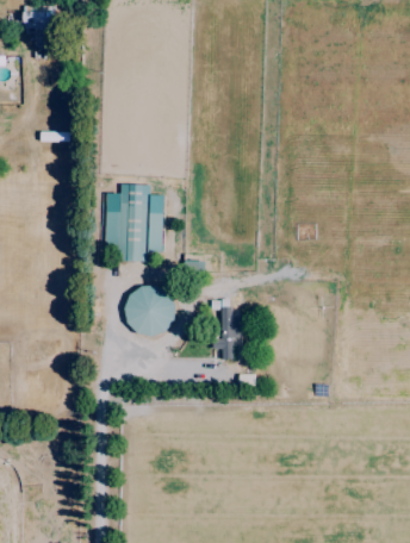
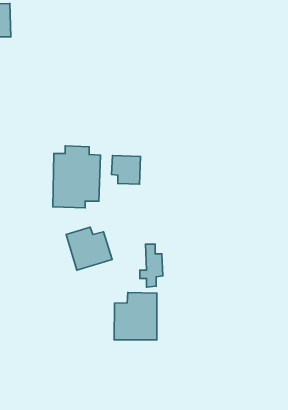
building: none -> [112,156,140,184]
building: none -> [114,292,157,340]

